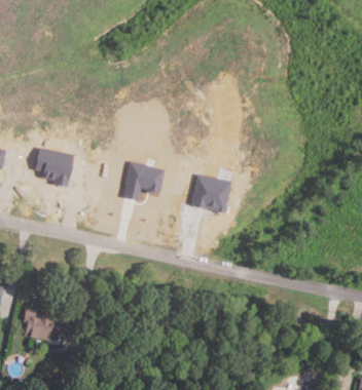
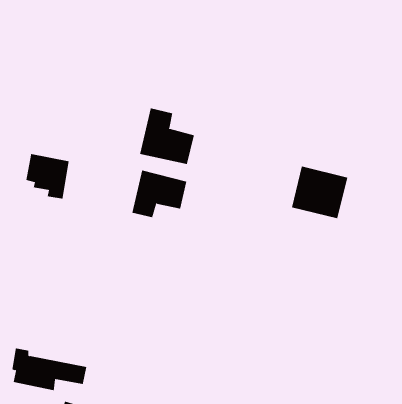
building: none -> [139,108,194,165]
building: [188,173,234,217] -> [291,166,348,219]

